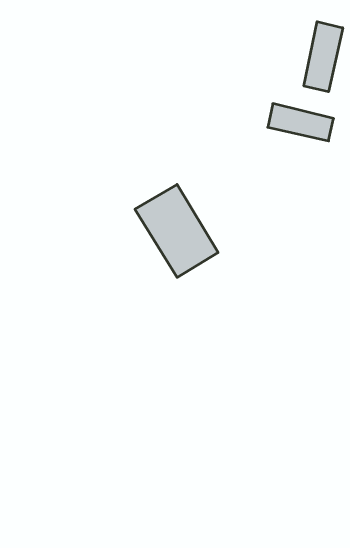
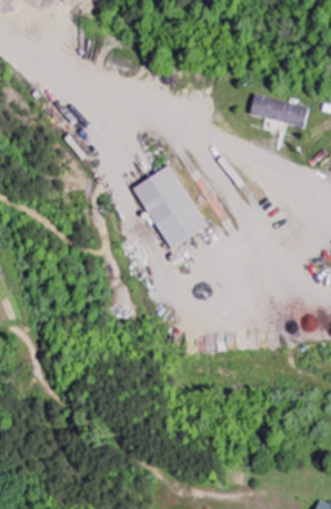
building: [304,22,343,92] -> none

